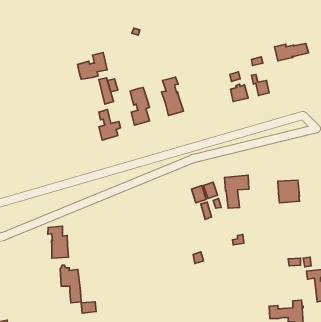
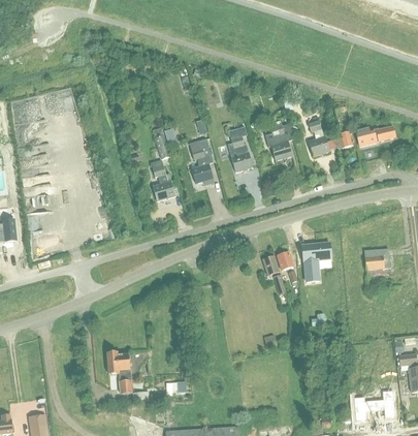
building: [274,43,308,61] -> [355,125,395,146]
building: [78,53,107,79] -> none
building: none -> [265,120,294,160]
building: [48,226,68,258] -> none

